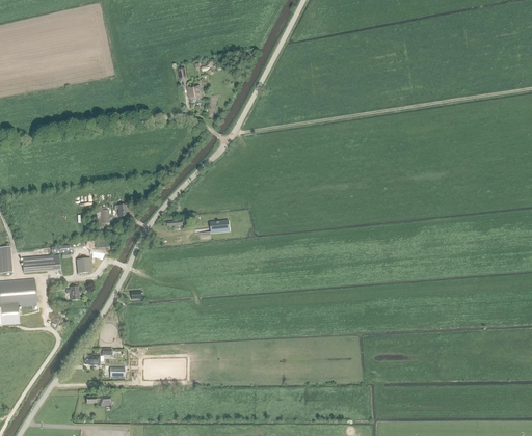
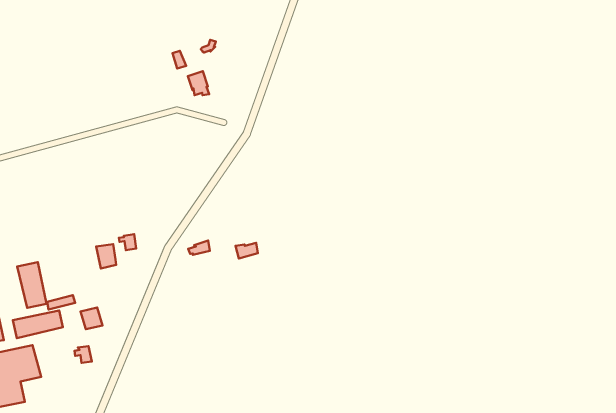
building: none -> [17,262,46,308]

